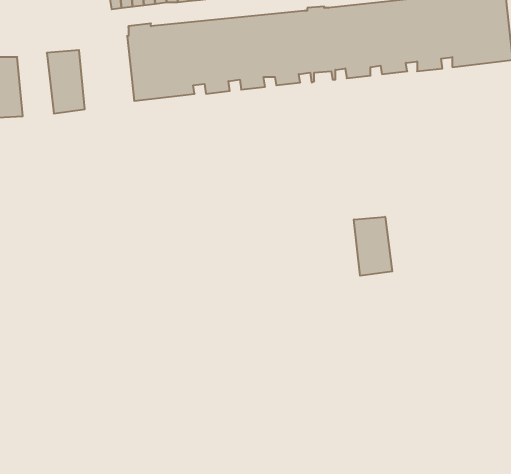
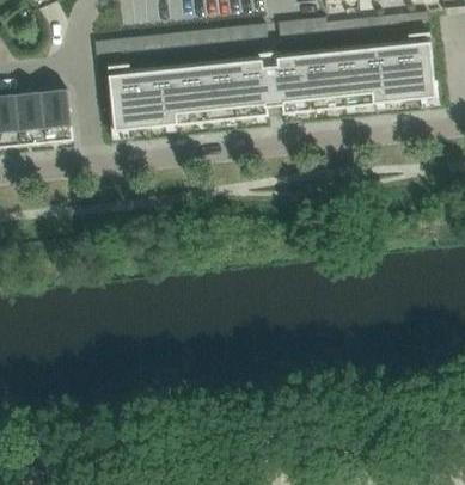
building: none -> [16,93,47,147]
building: [354,217,392,276] -> none

